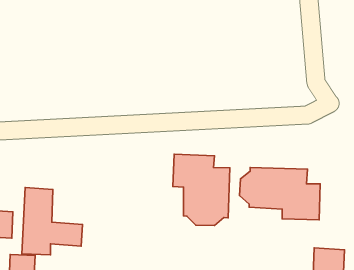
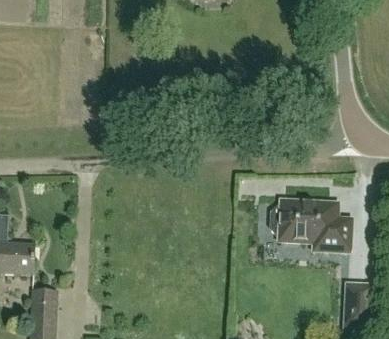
building: [173,154,230,225] -> none
building: [22,187,82,255] -> none

